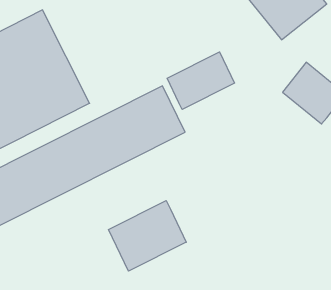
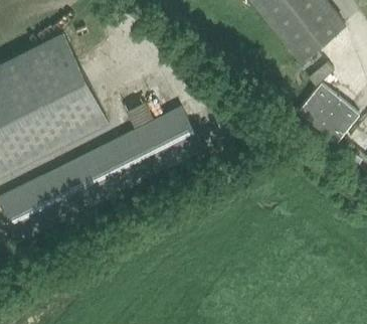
building: [167,52,235,109] -> none
building: [108,201,186,271] -> none

